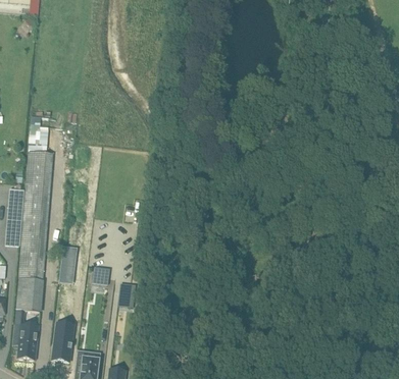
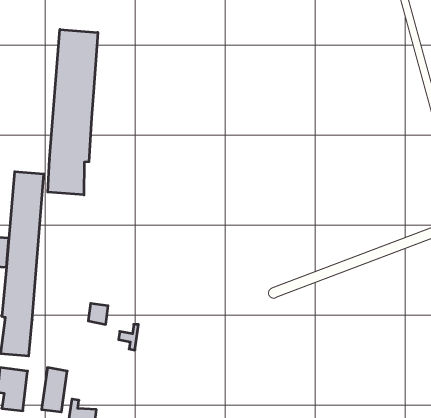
building: none -> [48,29,98,195]
building: [60,246,78,273] -> none

